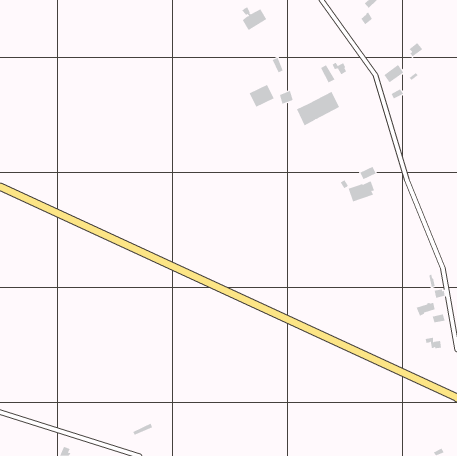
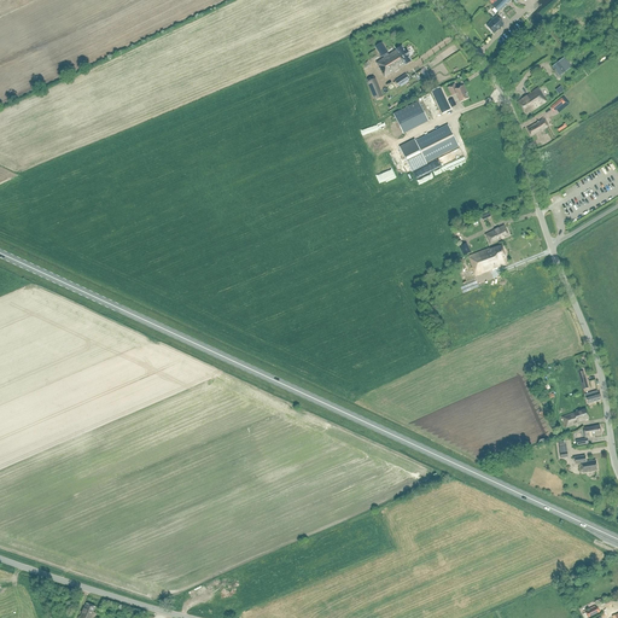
building: [241,7,267,31] -> [375,43,410,76]
building: [249,84,275,107] -> [393,101,428,133]

